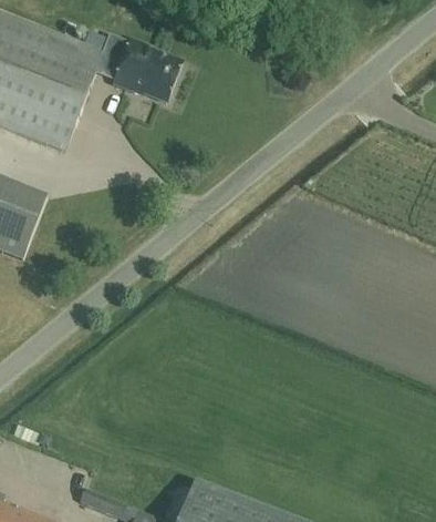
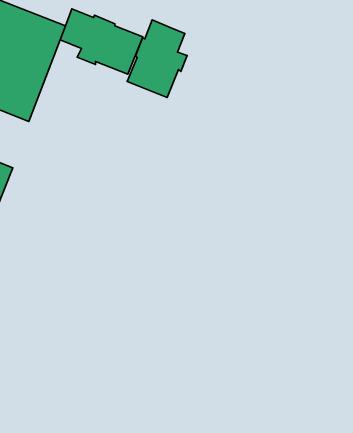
building: none -> [127,20,187,97]

